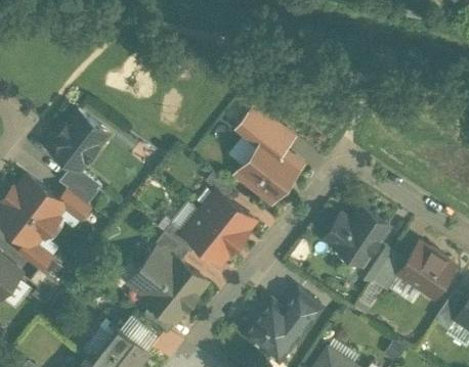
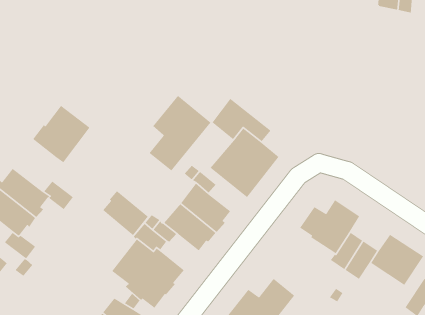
building: none -> [148,95,212,172]
building: [59,166,101,204] -> none
building: none -> [102,190,149,236]

